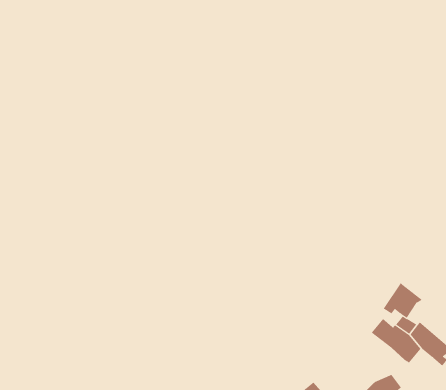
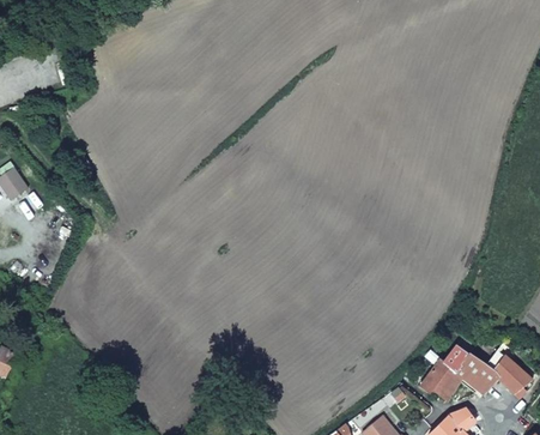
building: [383,282,423,319] -> [421,360,465,399]

